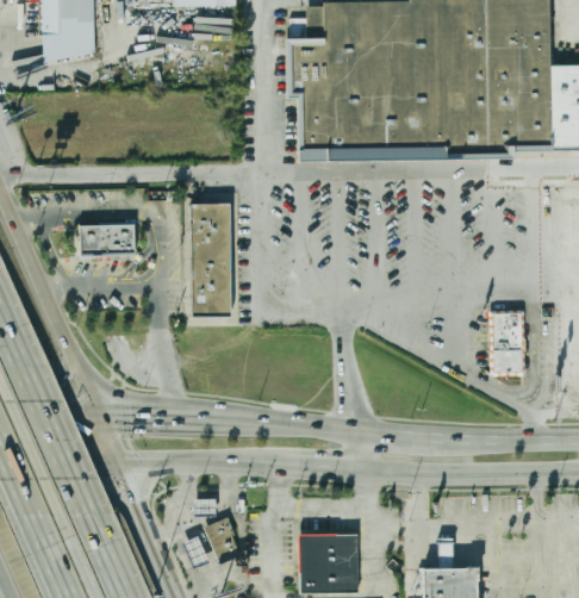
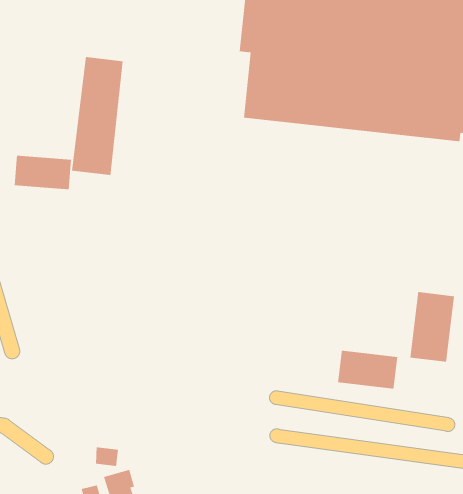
building: [191,203,230,316] -> [71,56,124,176]
building: none -> [337,350,398,390]

